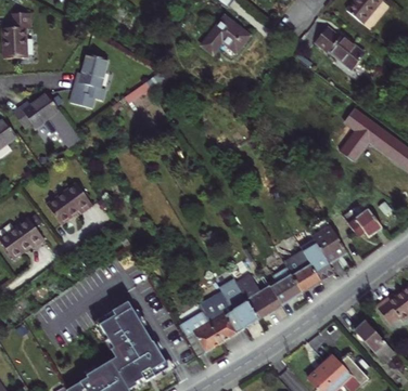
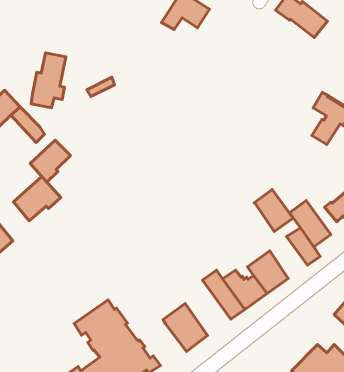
building: none -> [30,140,71,182]
building: [289,253,326,295] -> [254,189,293,232]
building: [200,290,247,344] -> none

